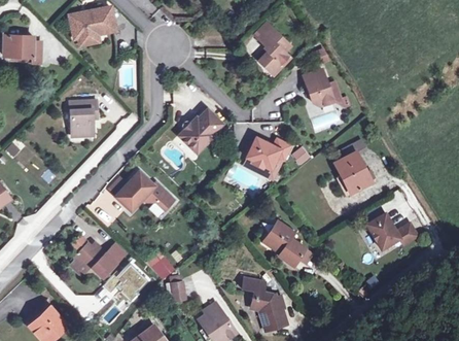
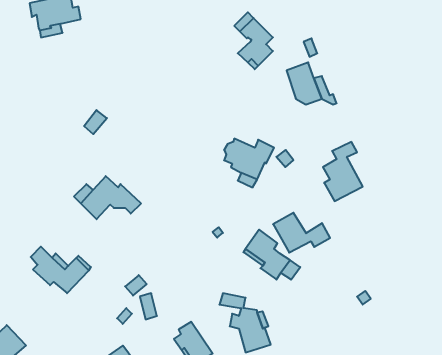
building: [69,101,97,137] -> none
building: [177,109,222,155] -> none
building: [365,213,417,249] -> [273,213,330,253]

